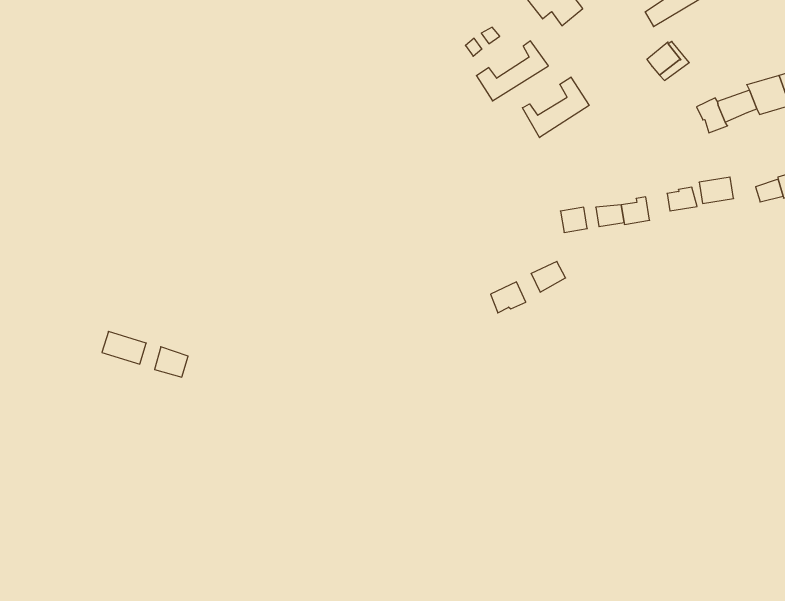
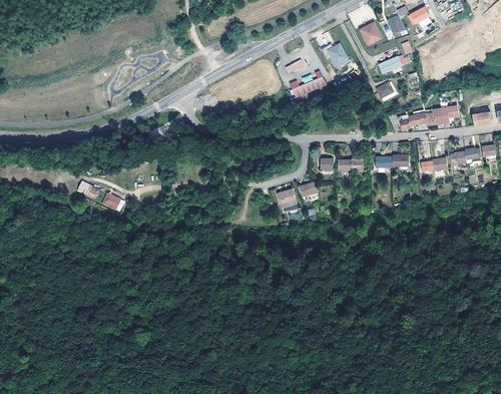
building: [522,77,589,138] -> none

